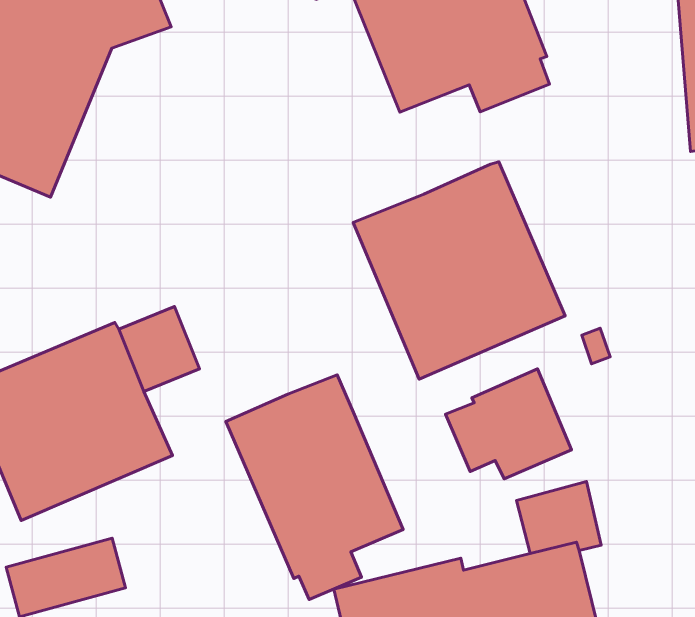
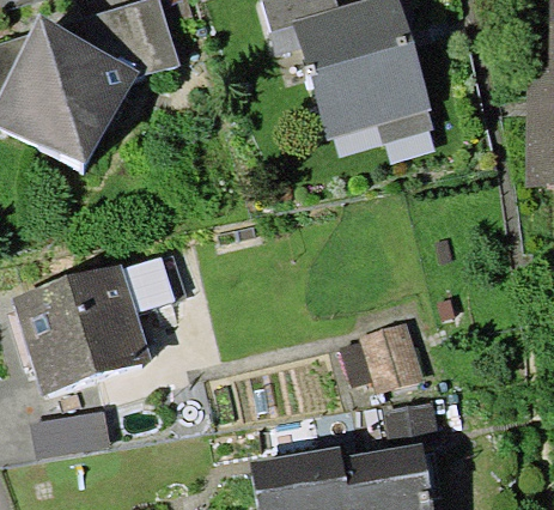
building: [353,162,565,379] -> none
building: [226,375,403,599] -> none

